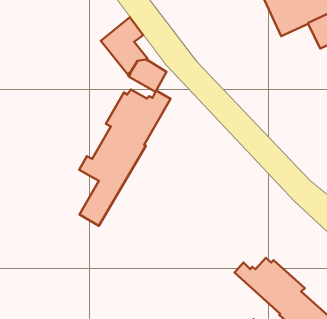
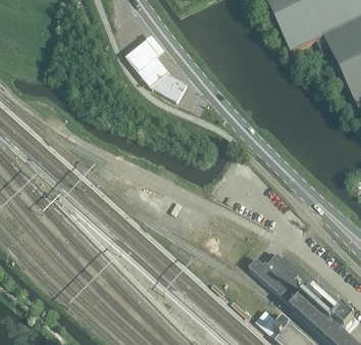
building: [79,89,171,226] -> none

